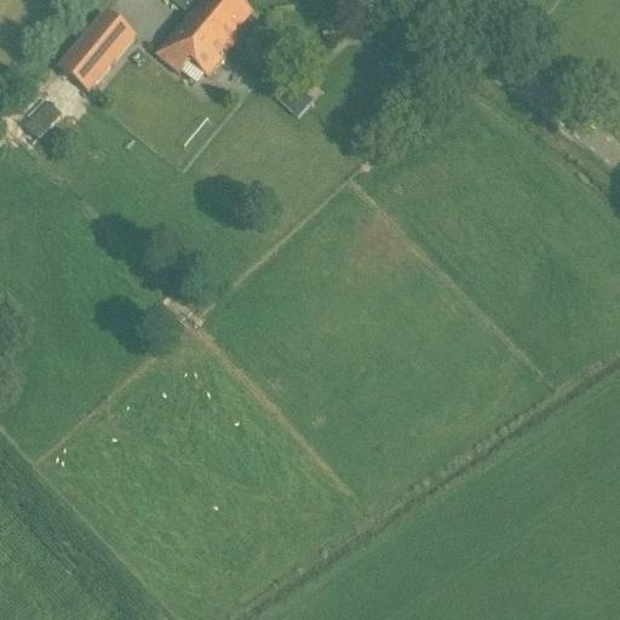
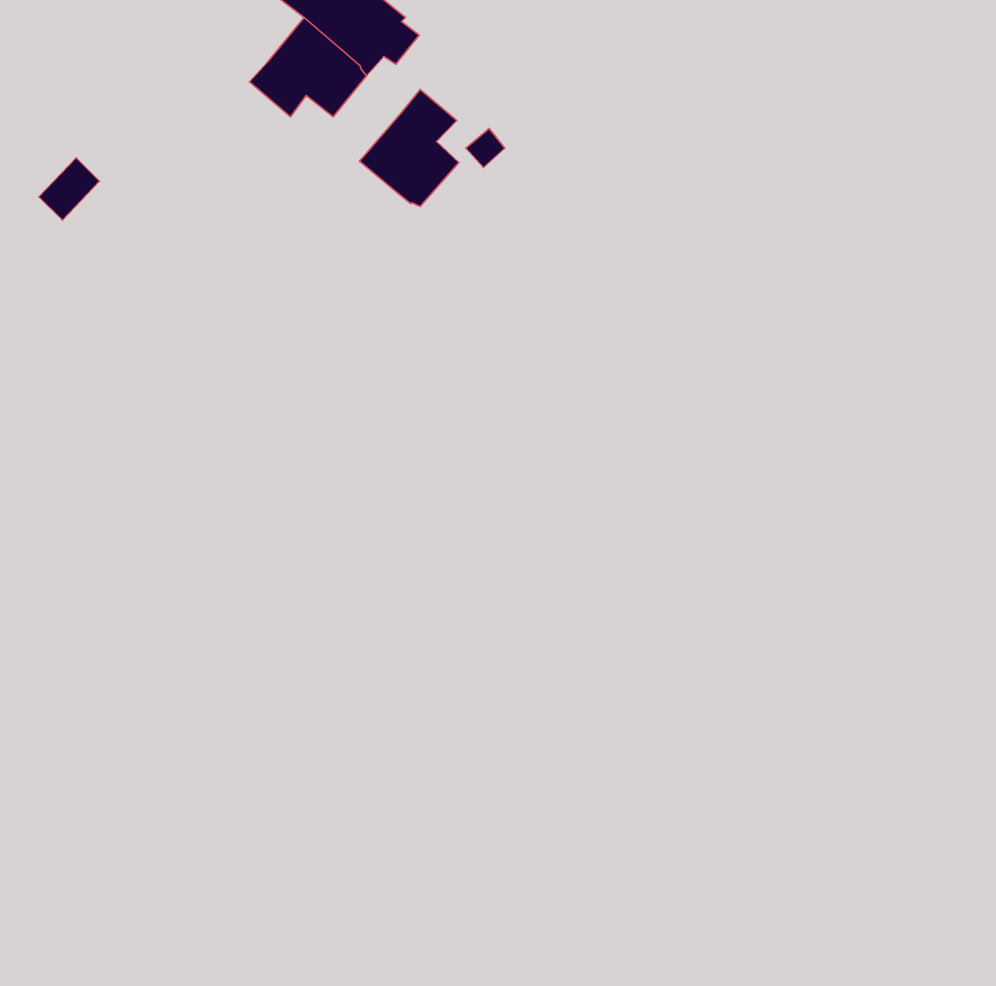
building: [57,7,137,91] -> none
building: none -> [359,90,459,207]

